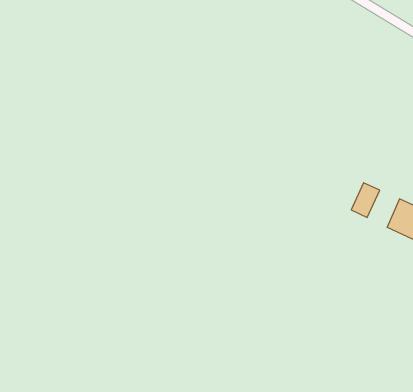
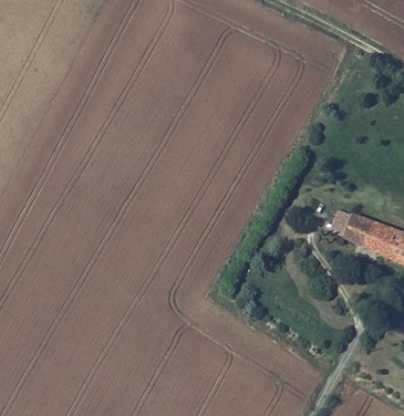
building: none -> [345,212,374,246]

